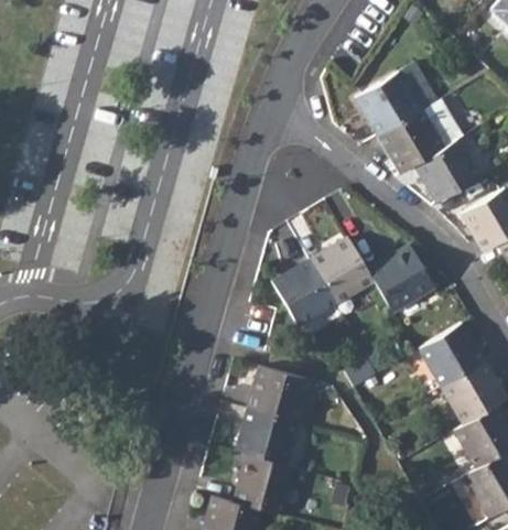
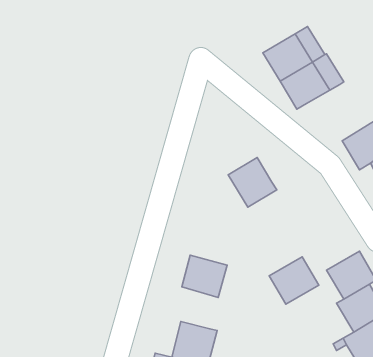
building: [413,140,479,204] -> none
building: [367,245,434,312] -> none
building: [271,260,335,326] -> none
building: [418,324,484,387] -> [269,257,319,304]
building: [236,409,295,465] -> none

